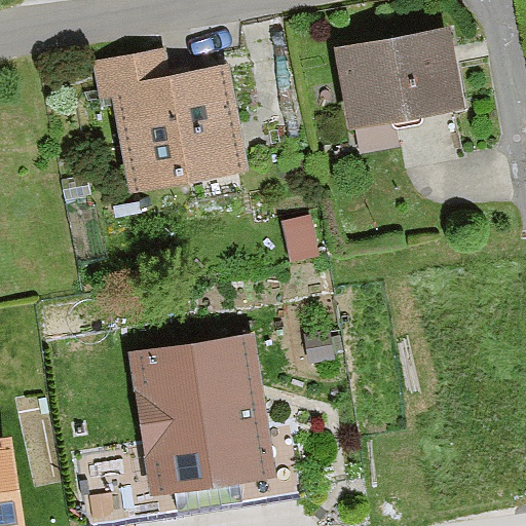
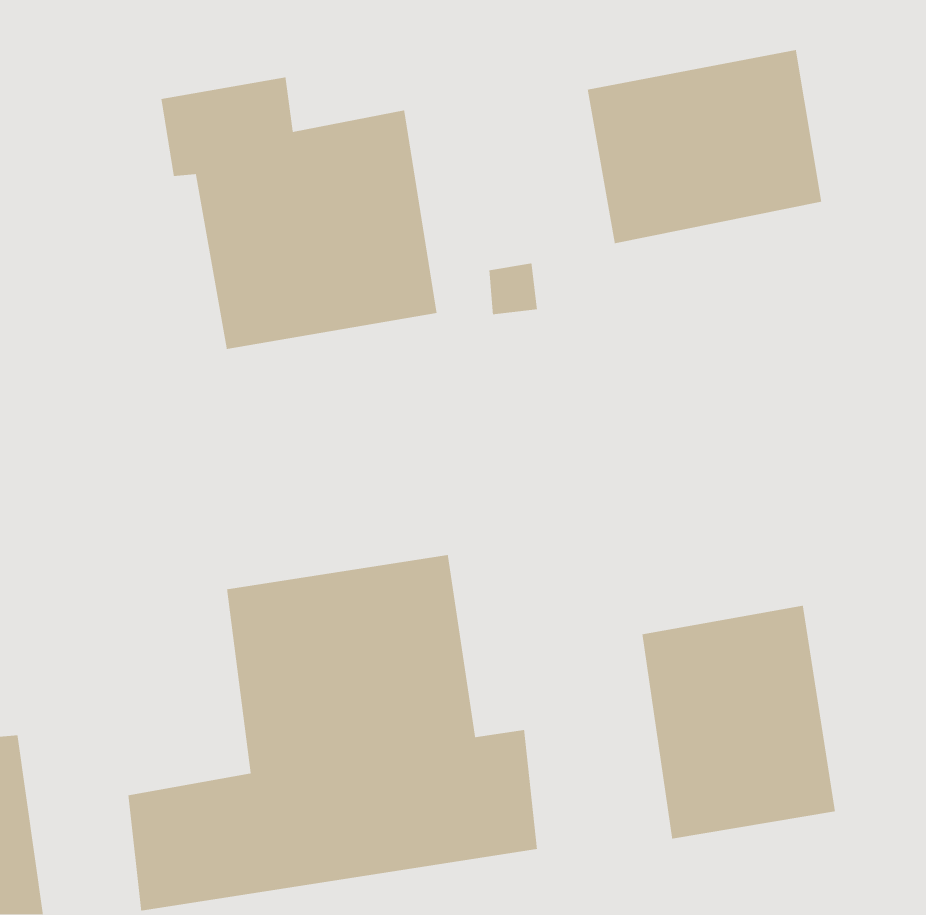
building: none -> [642,605,836,840]

